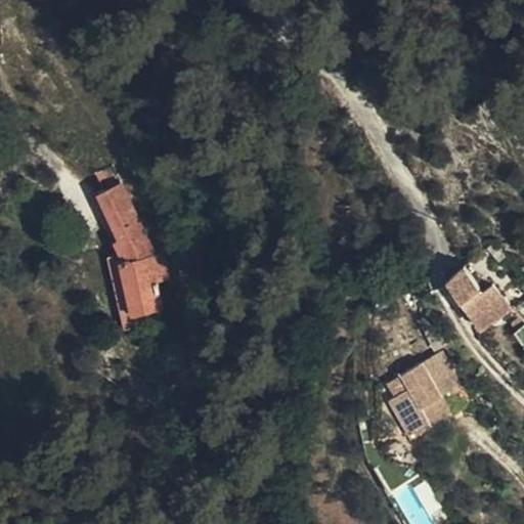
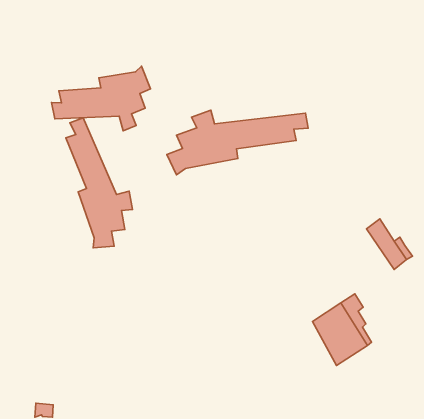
building: none -> [51,66,150,131]
building: none -> [167,110,308,175]

